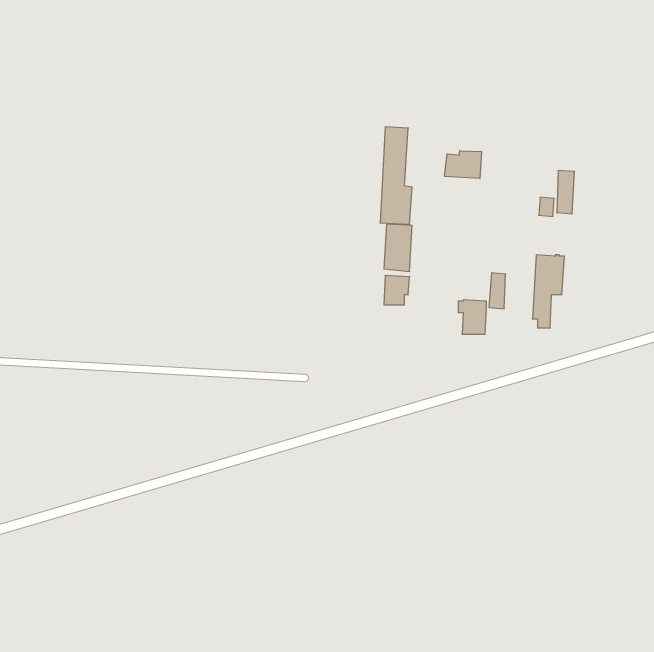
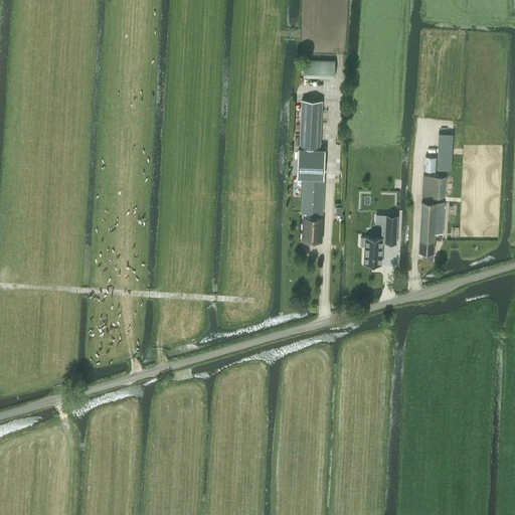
building: none -> [304,60,335,78]
building: [445,151,481,179] -> none
building: none -> [421,177,453,198]

